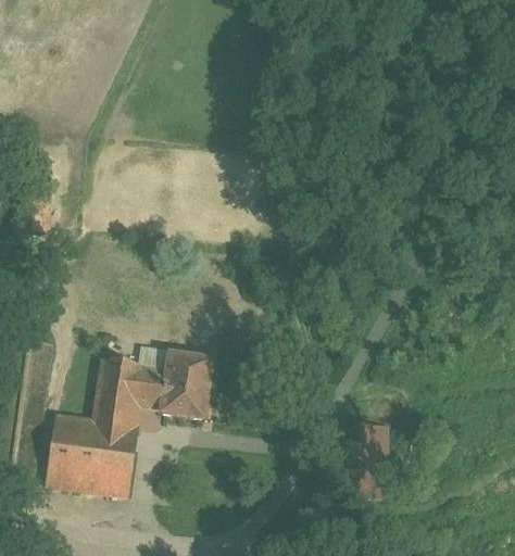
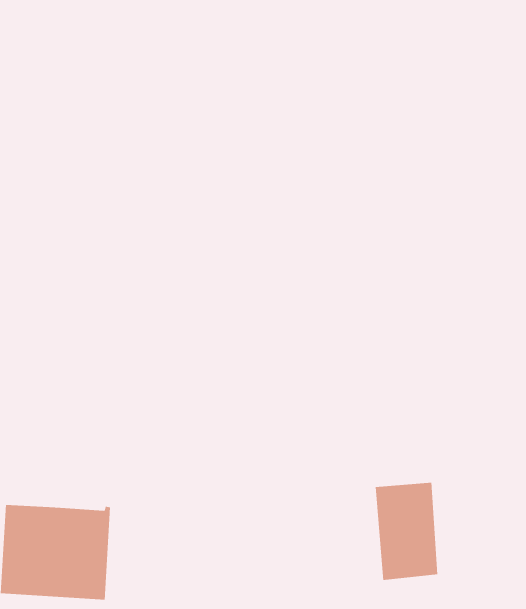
building: [95,354,212,426] -> none

